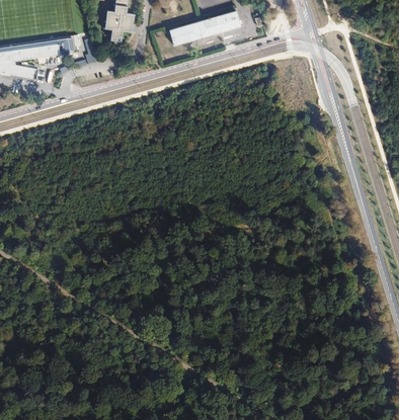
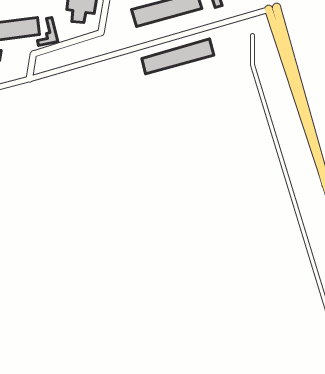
building: none -> [142,39,214,74]

